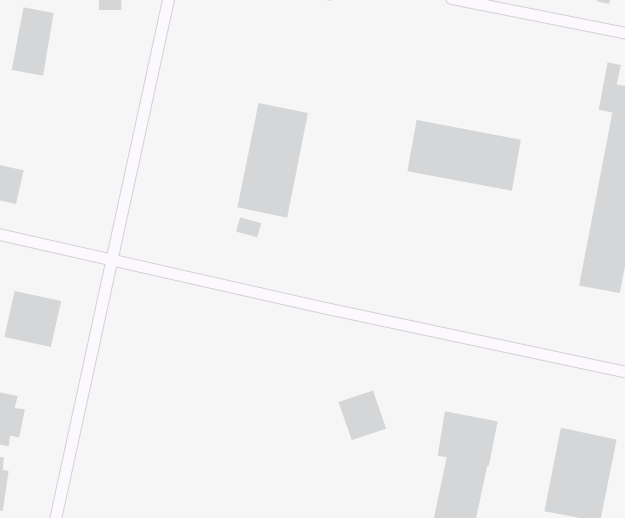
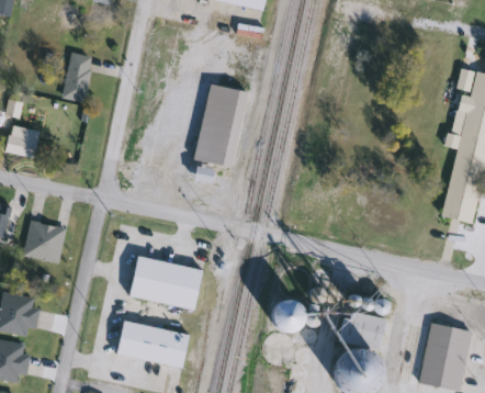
building: [11,7,55,76] -> [61,52,93,102]
building: [407,119,522,191] -> none
building: none -> [129,257,202,308]
building: none -> [116,319,189,367]

